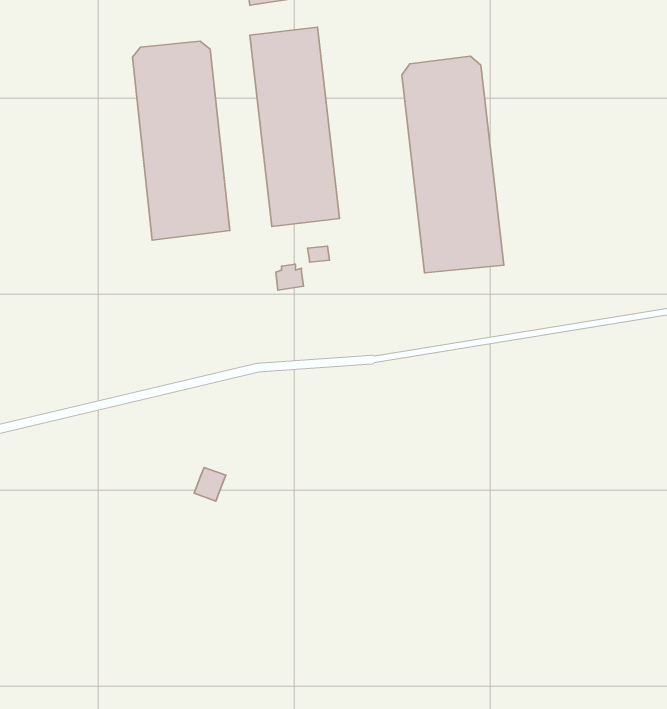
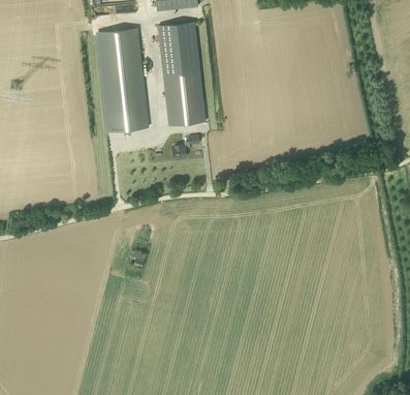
building: [402,56,504,273] -> none

